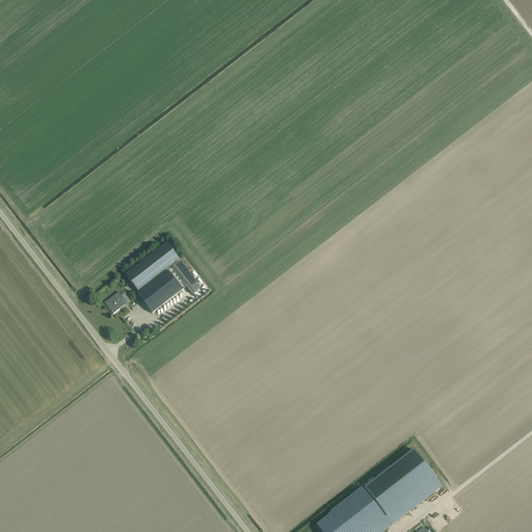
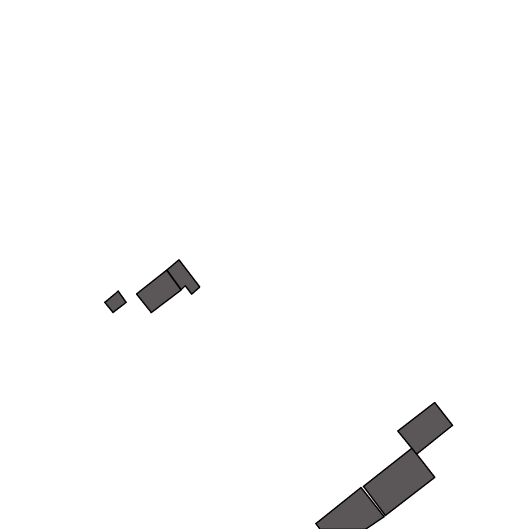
building: [125,242,180,292] -> none
building: none -> [398,403,453,454]

